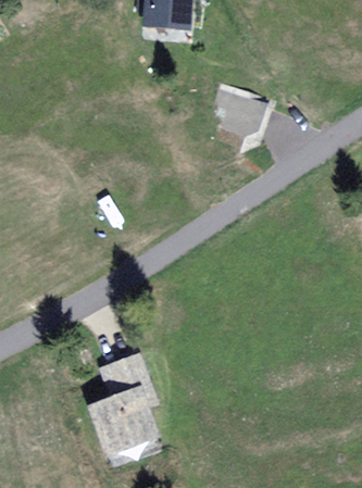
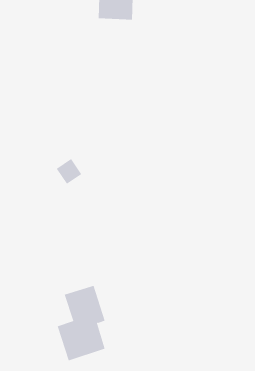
building: [216,88,261,132] -> none

